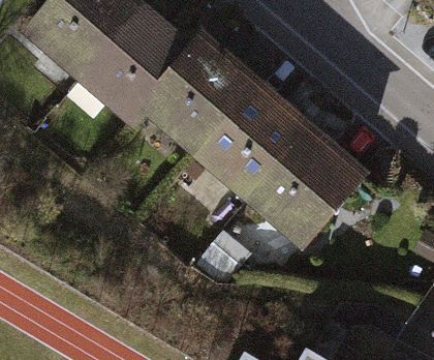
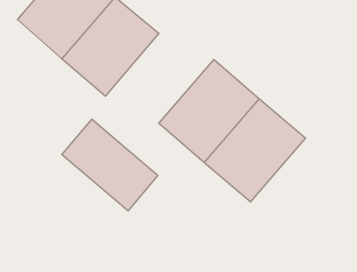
building: [141,33,258,153] -> none
building: none -> [62,119,158,211]

